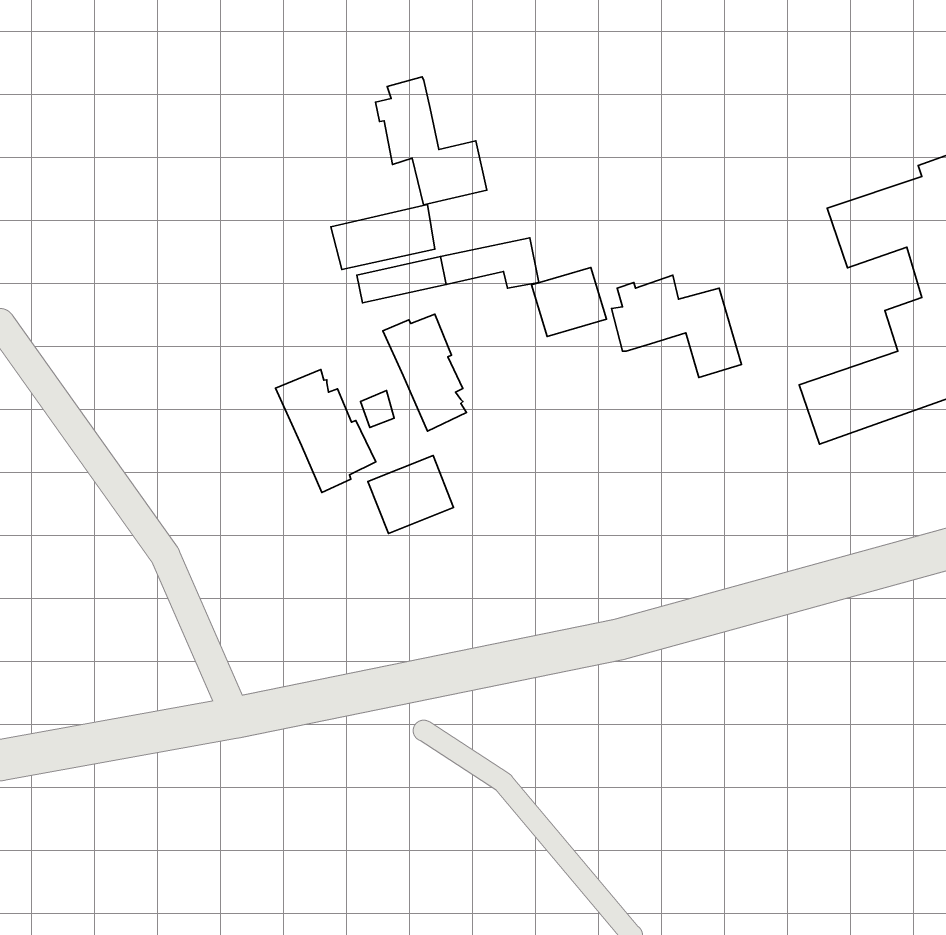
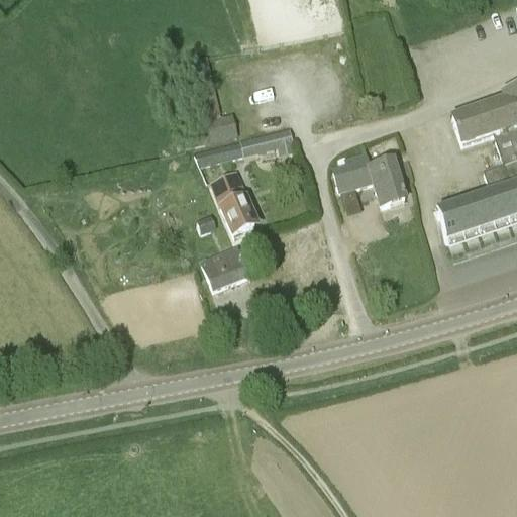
building: [376,77,487,205] -> none
building: [532,267,606,337] -> none
building: [275,369,376,492] -> none

